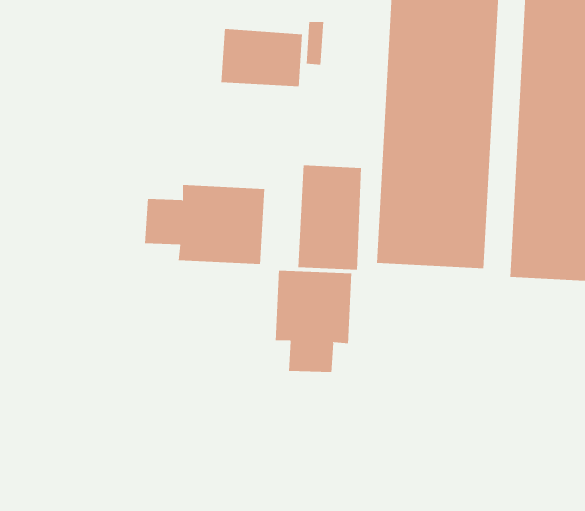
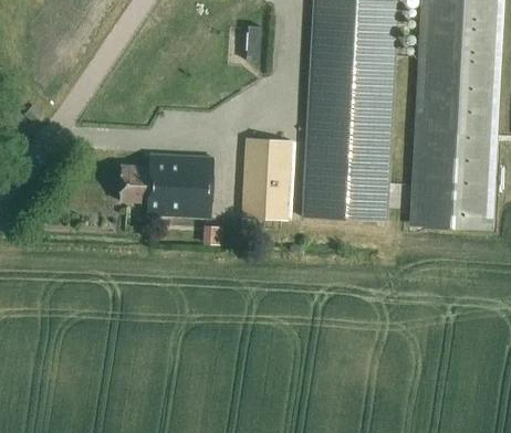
building: [221,28,302,87] -> none
building: [275,270,352,373] -> none

